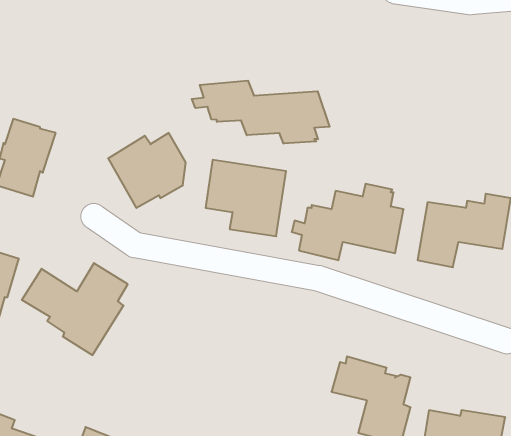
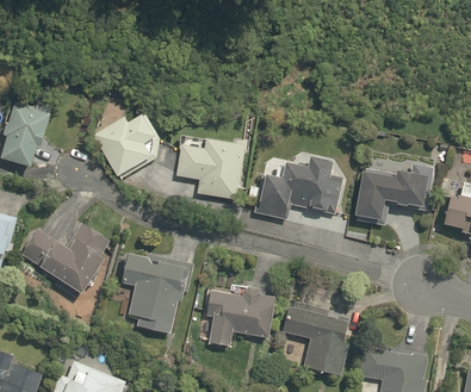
building: [192,81,330,144] -> none
building: none -> [120,253,193,334]
building: none -> [206,284,274,346]

